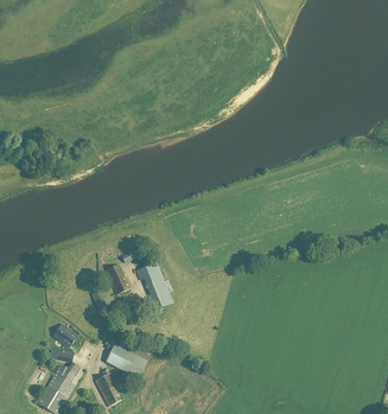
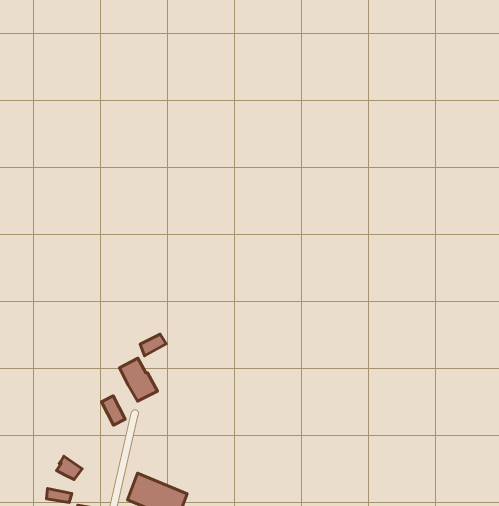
building: [135,262,167,299] -> none

